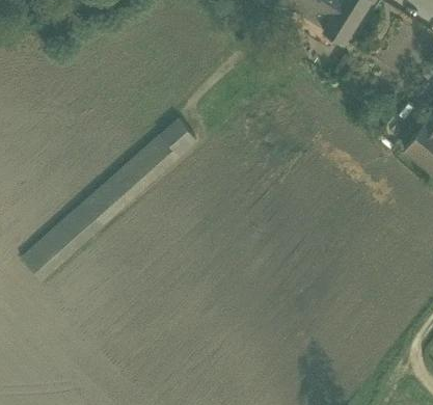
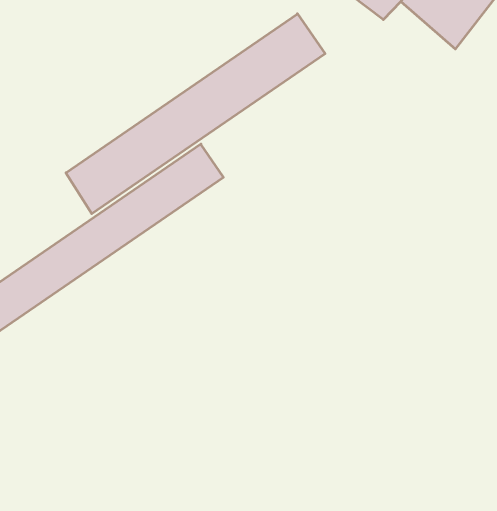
building: none -> [66,14,325,214]

